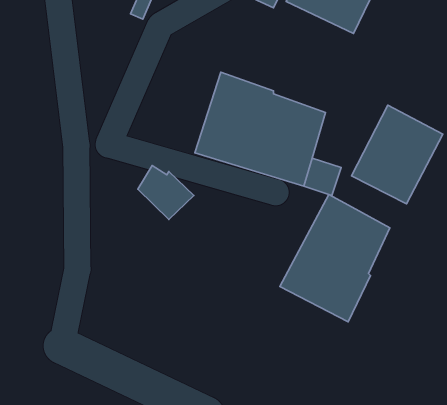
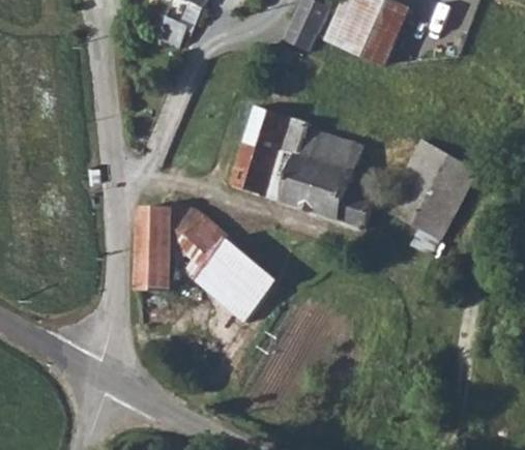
building: none -> [137,201,186,288]
building: [280,195,390,322] -> none
building: none -> [191,231,278,318]

